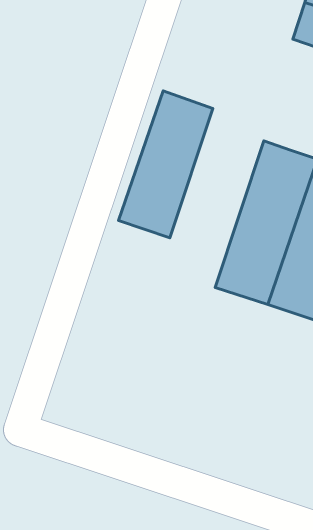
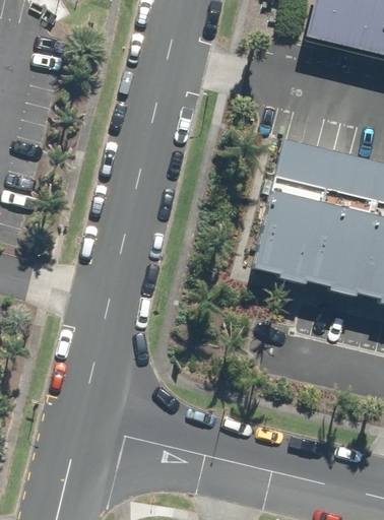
building: [119,91,213,238] -> none

